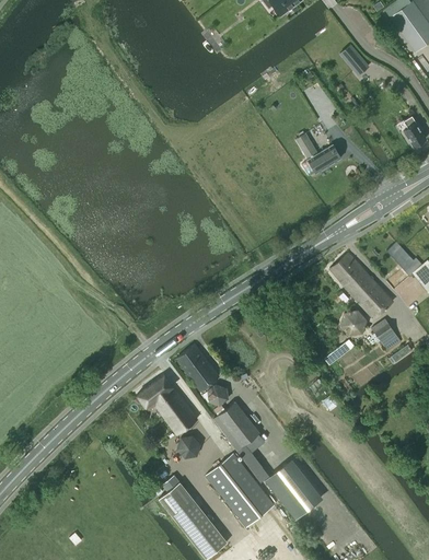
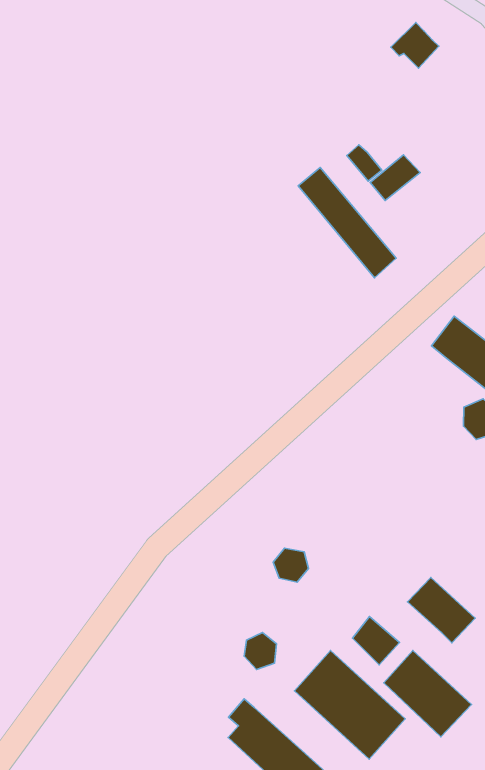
building: none -> [298,168,396,278]
building: [176,345,218,389] -> none
building: [137,374,196,433] -> none
building: [217,401,258,445] -> [407,578,475,643]

